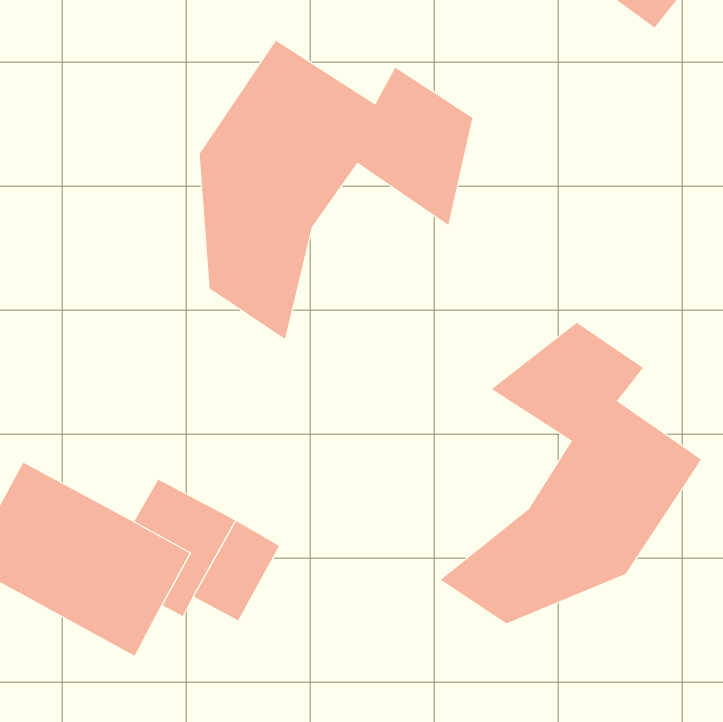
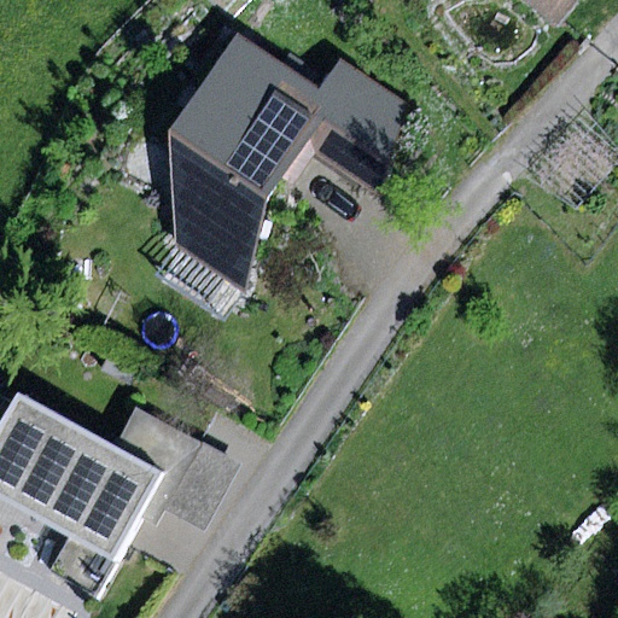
building: [440,322,702,624] -> none

